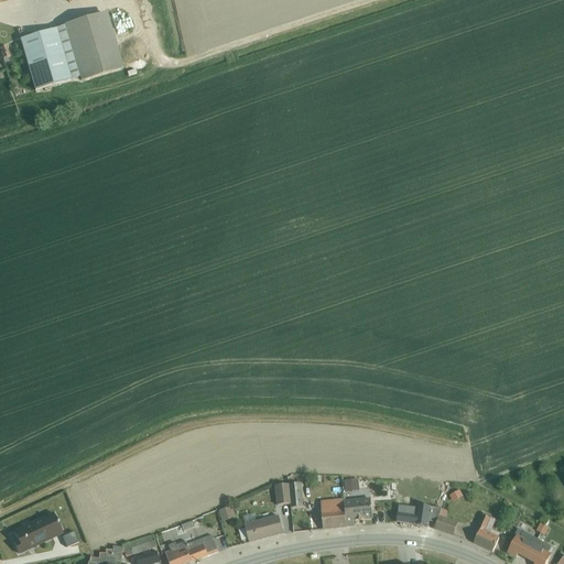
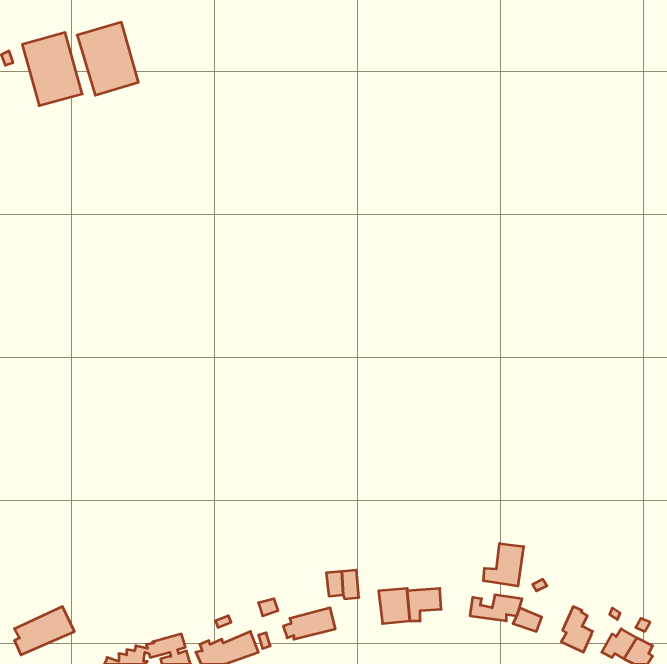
building: none -> [484,543,524,586]

